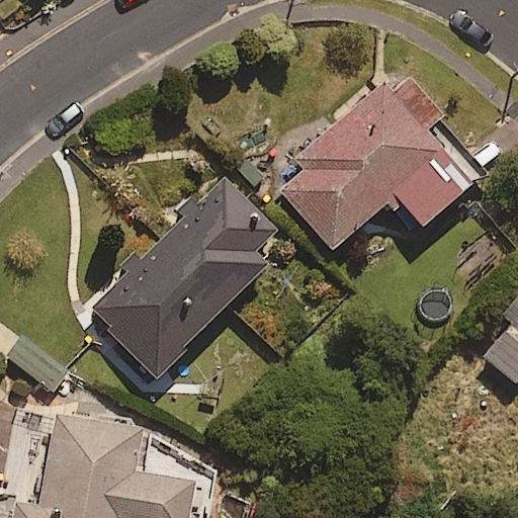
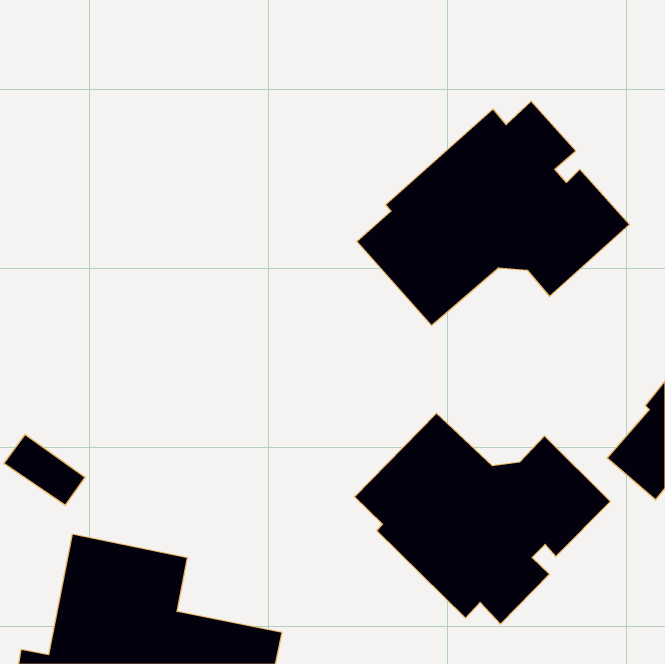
building: [91,179,277,377] -> none
building: none -> [354,413,610,624]

